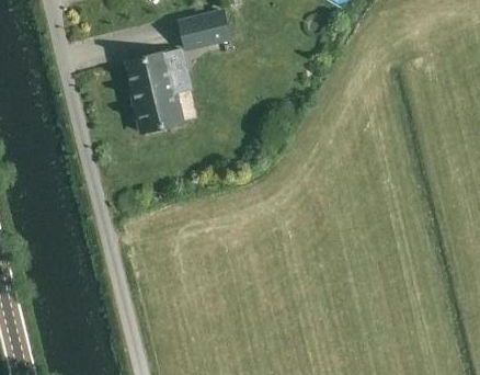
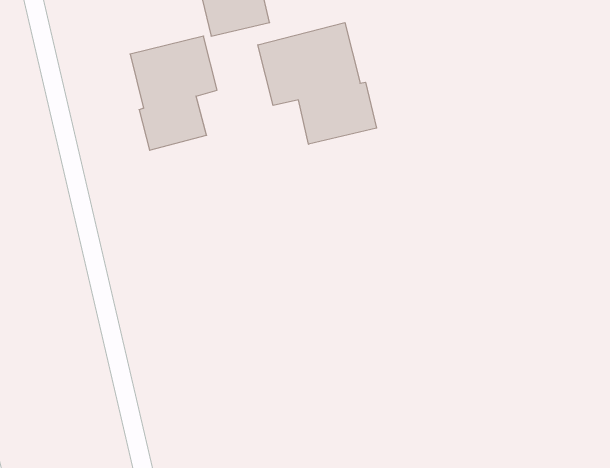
building: none -> [258,23,377,144]

